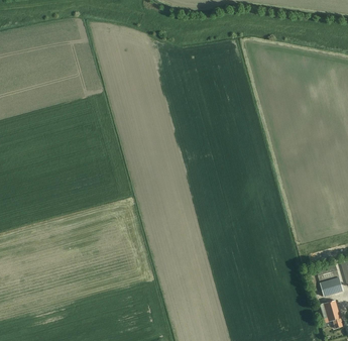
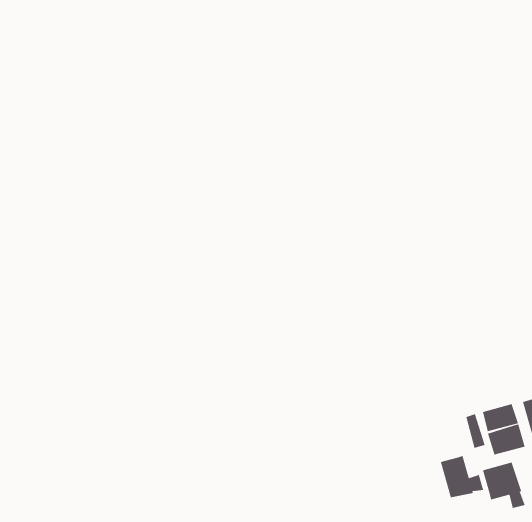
building: none -> [440,455,484,498]

